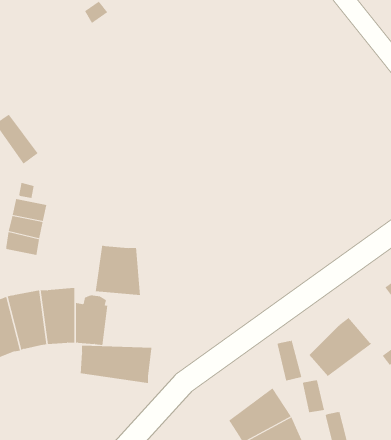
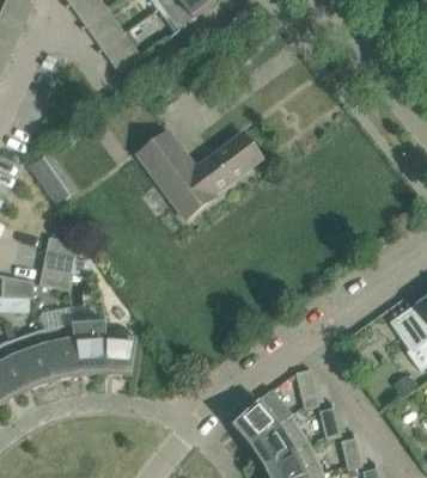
building: none -> [138,131,262,219]
building: [95,245,141,296] -> none
building: [308,317,372,377] -> [232,390,292,446]
building: [80,345,152,384] -> none

